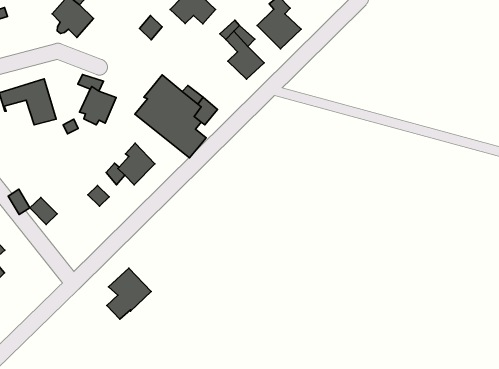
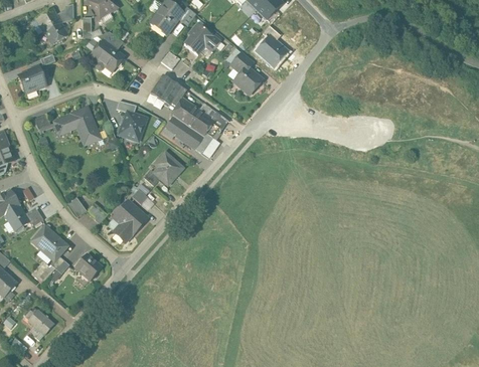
building: none -> [150,73,186,108]
building: none -> [74,253,102,280]
building: [107,268,151,319] -> [113,200,147,241]

